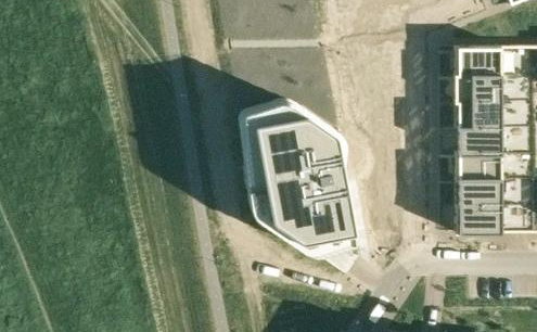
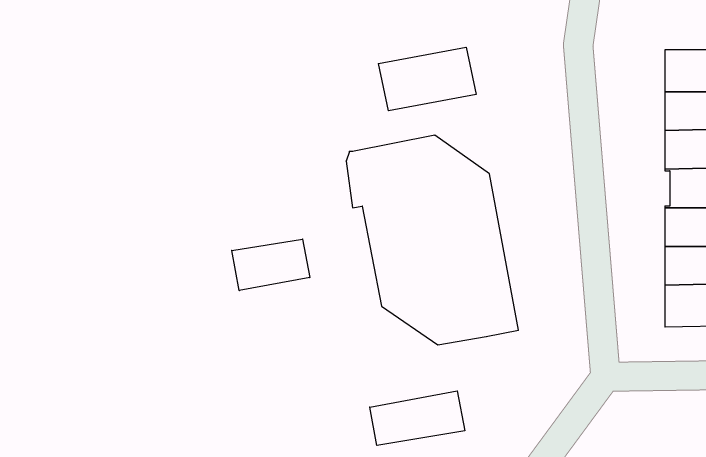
building: none -> [378,47,476,111]
building: none -> [232,239,310,291]
building: none -> [370,391,465,445]

